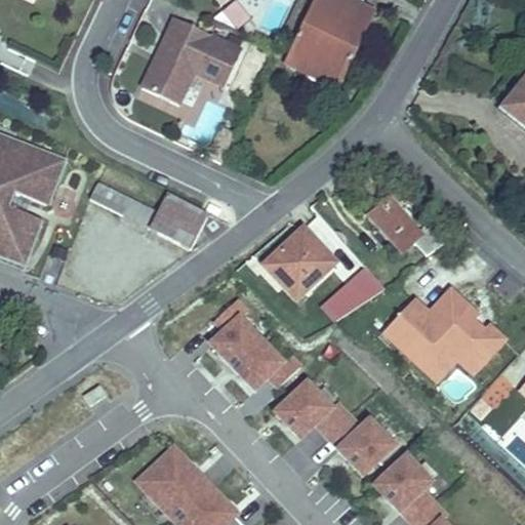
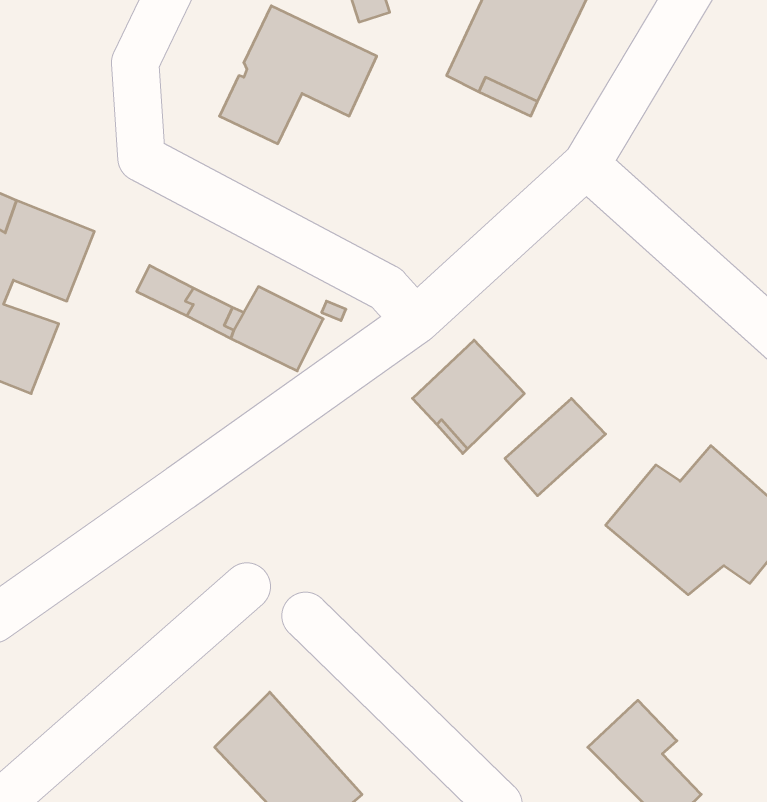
building: [367,197,448,253] -> none
building: [212,320,283,390] -> none
building: [275,379,394,473] -> none

